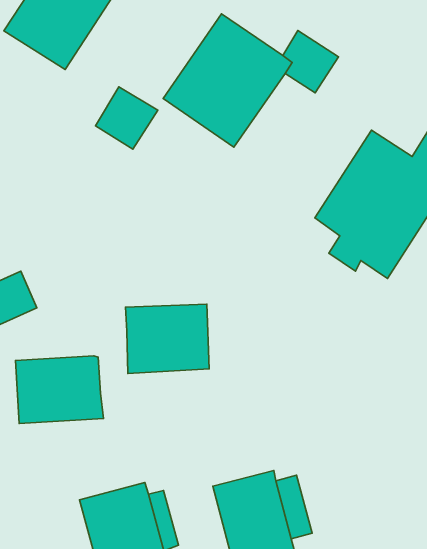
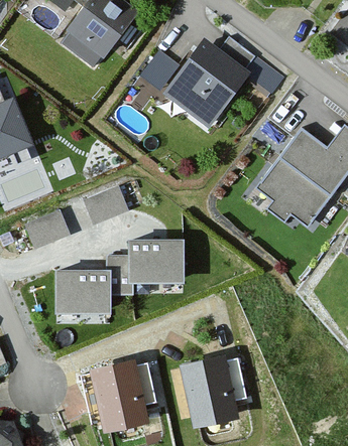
building: [95,87,158,149] -> [139,46,182,89]
building: none -> [82,185,128,225]
building: none -> [106,253,129,293]

